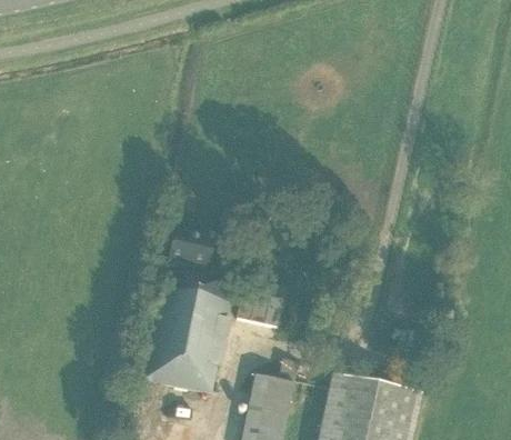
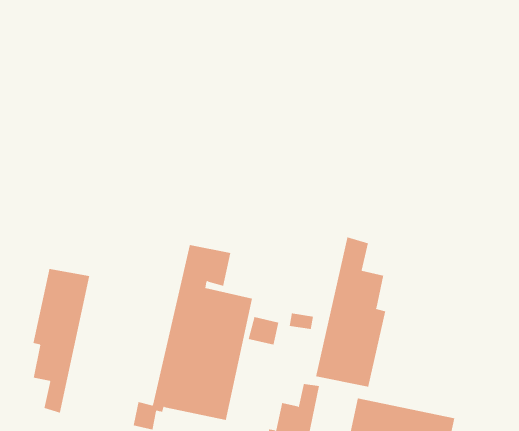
building: none -> [315,237,386,388]
building: none -> [33,268,90,413]

